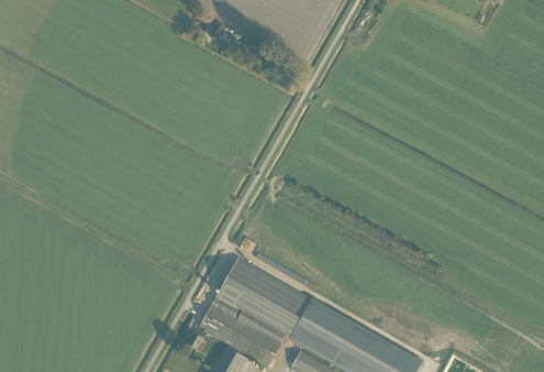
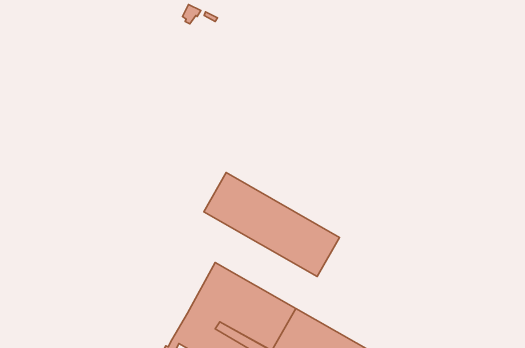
building: none -> [204,173,339,277]

